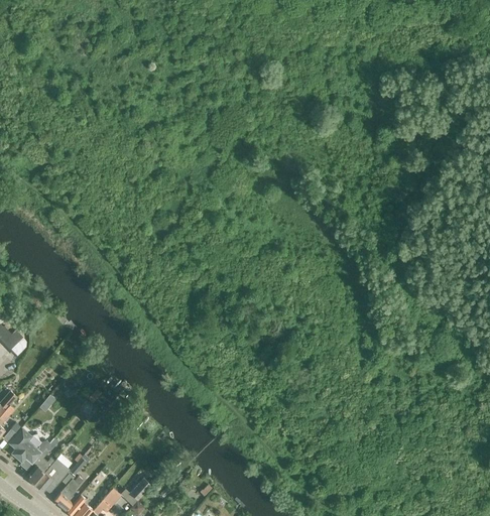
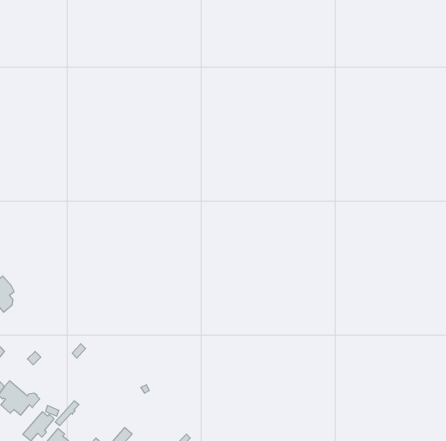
building: [26,454,54,485] -> none

